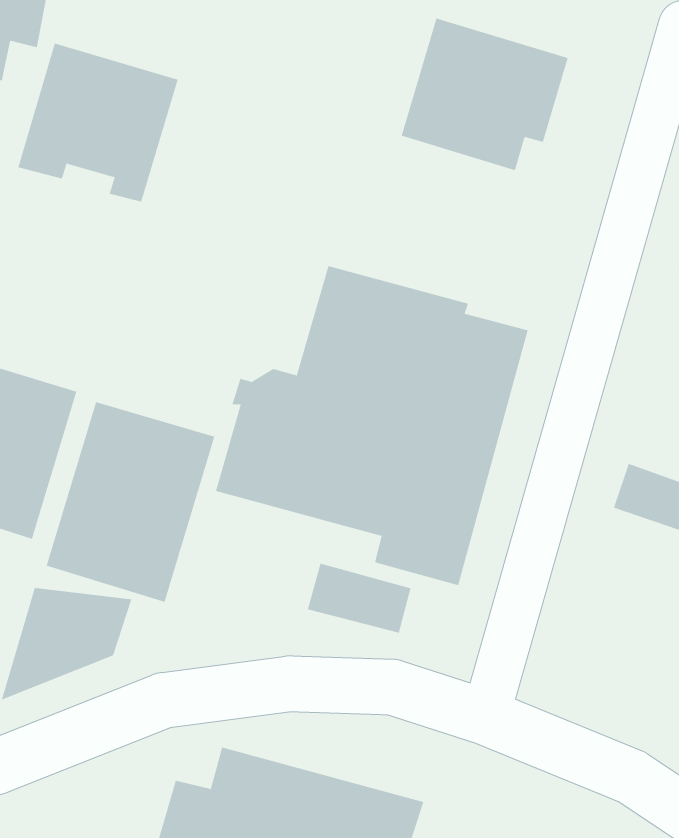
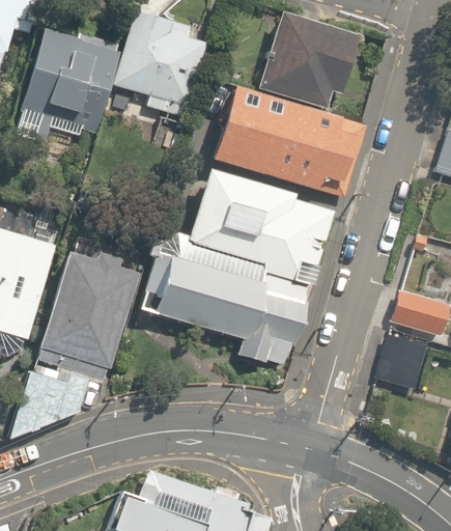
building: none -> [112,11,210,111]
building: none -> [206,84,367,196]
building: none -> [375,329,426,388]
building: [307,563,411,633] -> none

